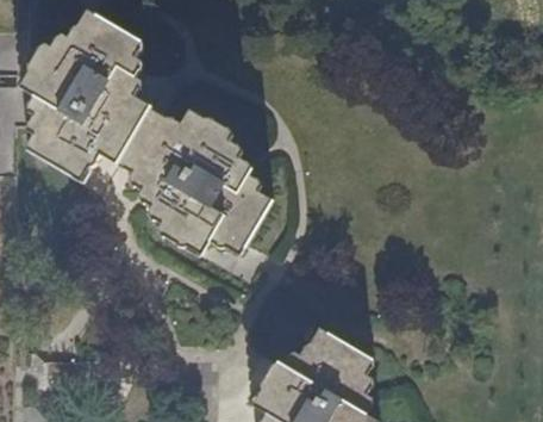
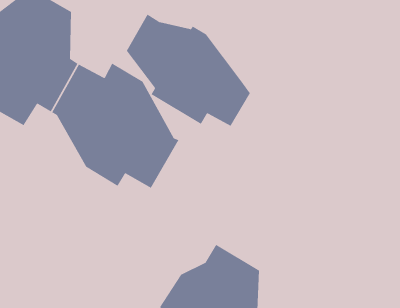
building: none -> [126,13,251,127]

